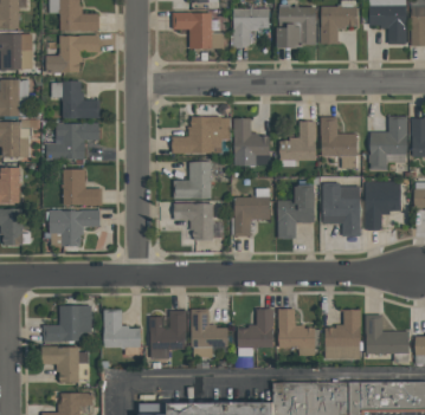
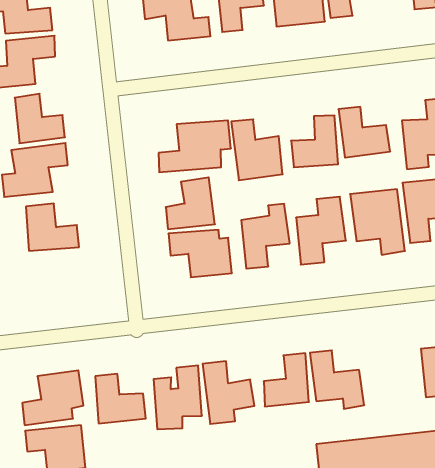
building: [49,209,101,246] -> none
building: [324,310,361,359] -> none

